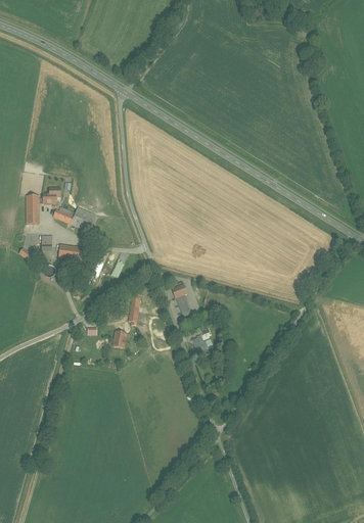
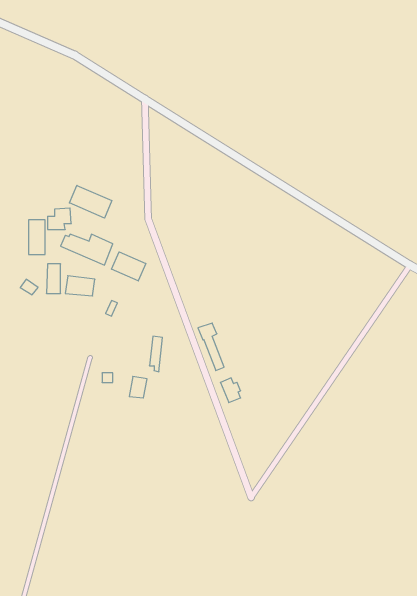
building: none -> [69,185,112,218]
building: none -> [112,252,146,281]

